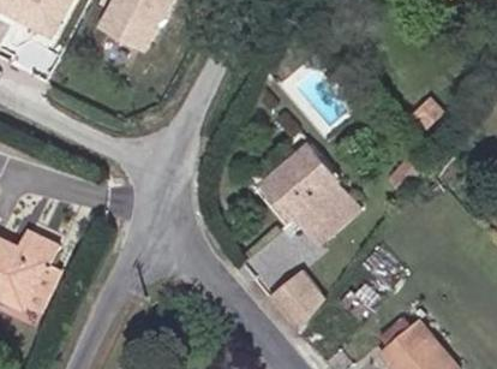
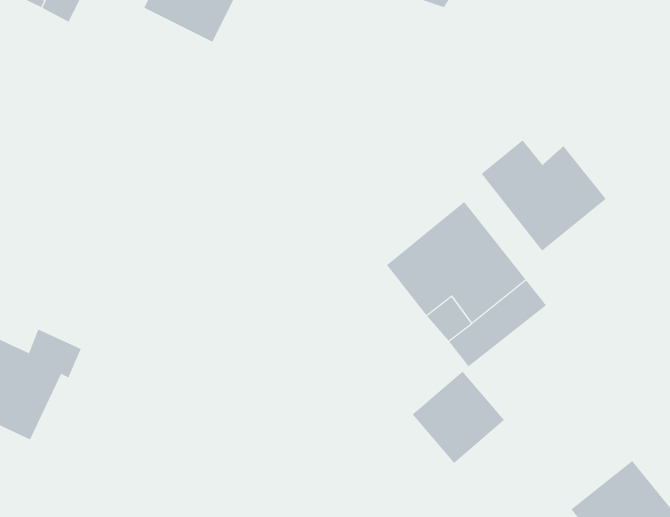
building: none -> [481,139,607,251]

